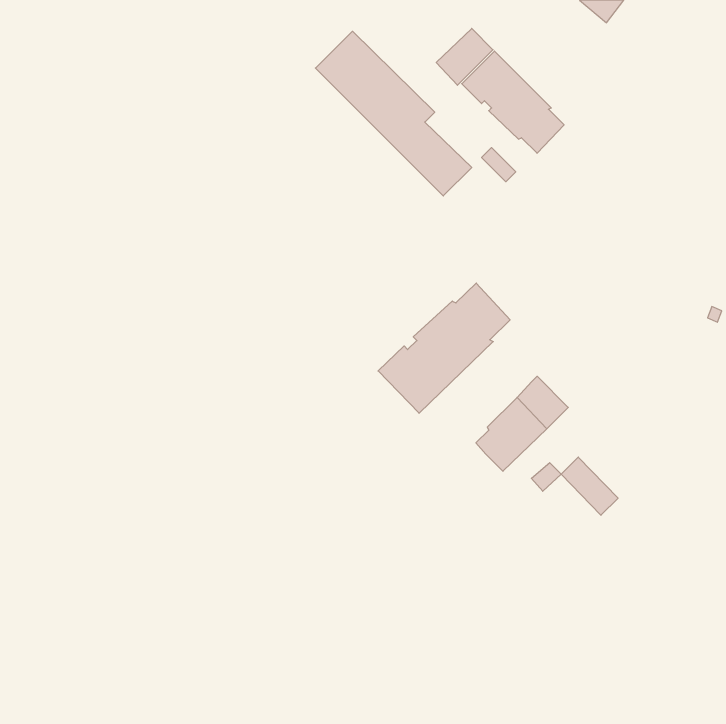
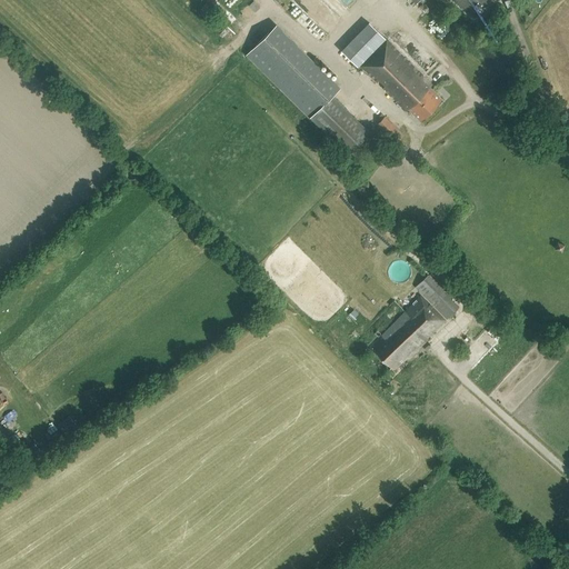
building: [378,283,510,413] -> none
building: [561,457,618,515] -> [415,274,459,320]

